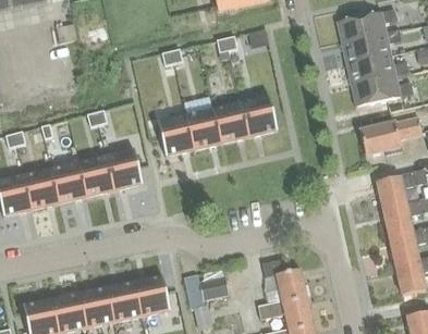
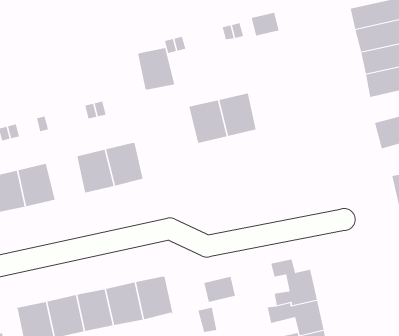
building: [241,94,277,136] -> none
building: [157,114,193,156] -> [137,47,175,91]
building: [50,161,86,202] -> none

